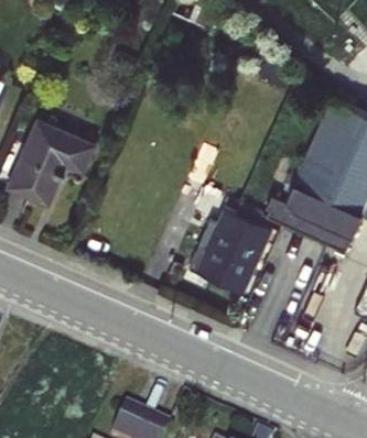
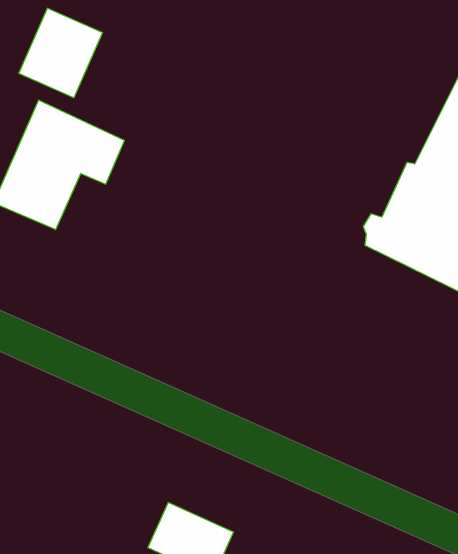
building: none -> [19,8,102,98]
building: [195,207,273,294] -> none

